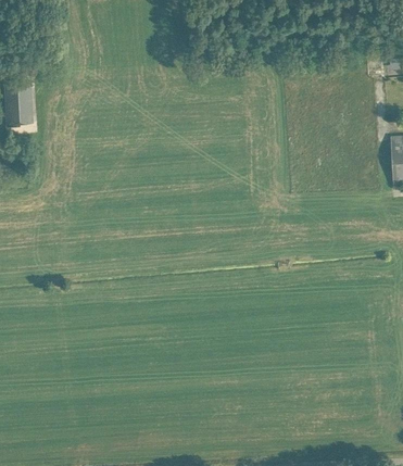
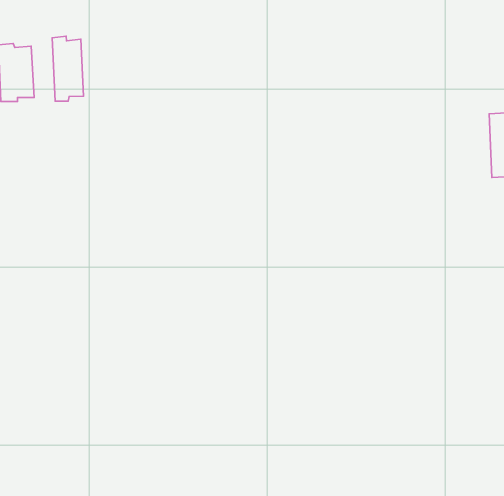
building: none -> [52,36,83,101]

